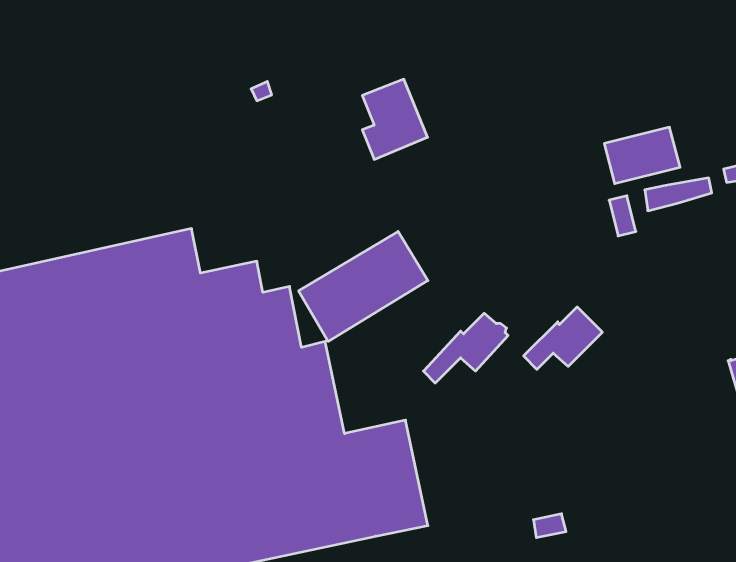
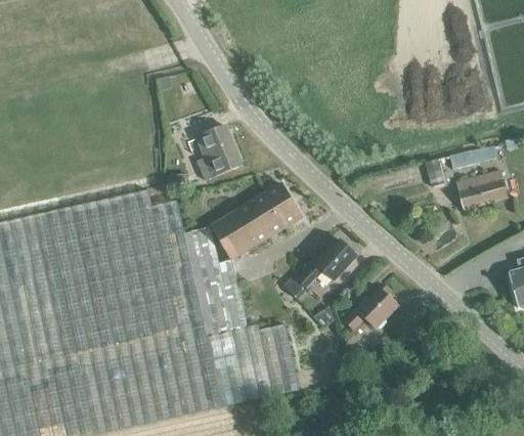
building: [362,79,428,159] -> [196,127,242,182]
building: [604,127,680,184] -> [455,172,508,211]
building: [524,307,602,369] -> [344,289,398,332]

